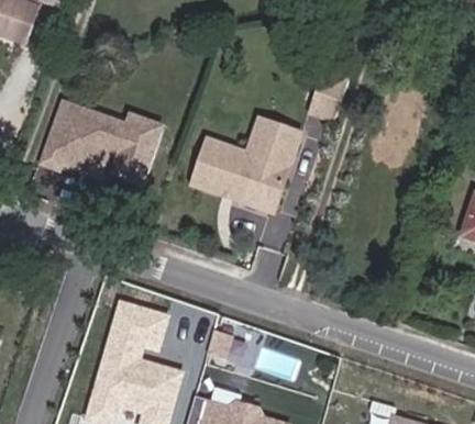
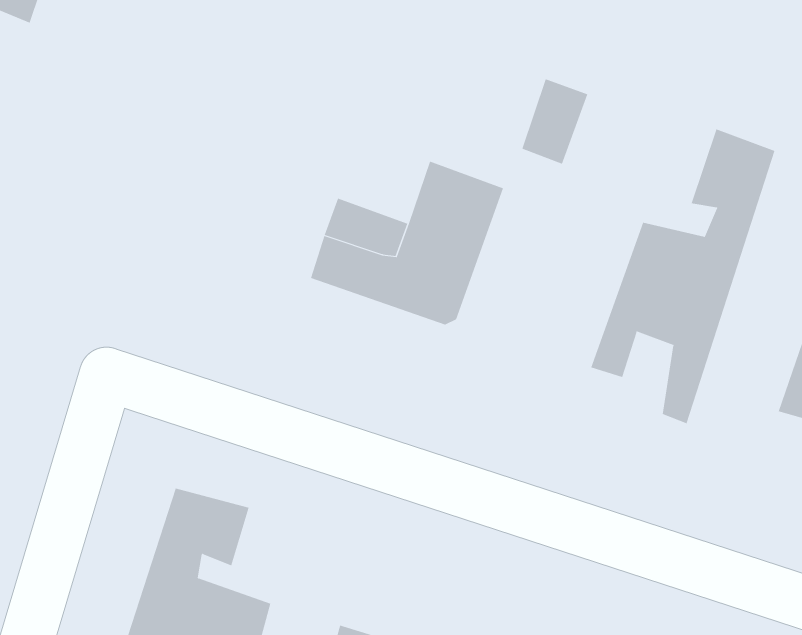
building: [35,100,161,186] -> none
building: none -> [591,129,775,424]

